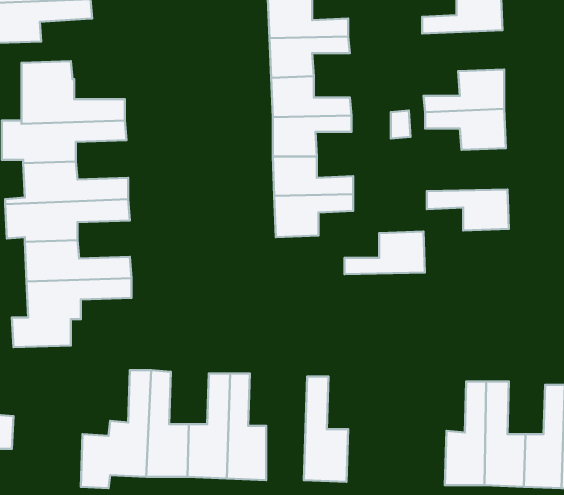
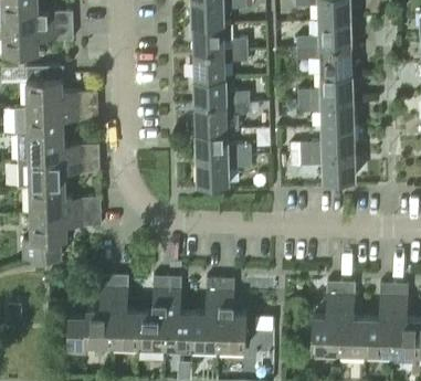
building: none -> [296,46,351,74]
building: [345,232,425,274] -> [299,126,354,155]
building: none -> [191,278,219,349]

